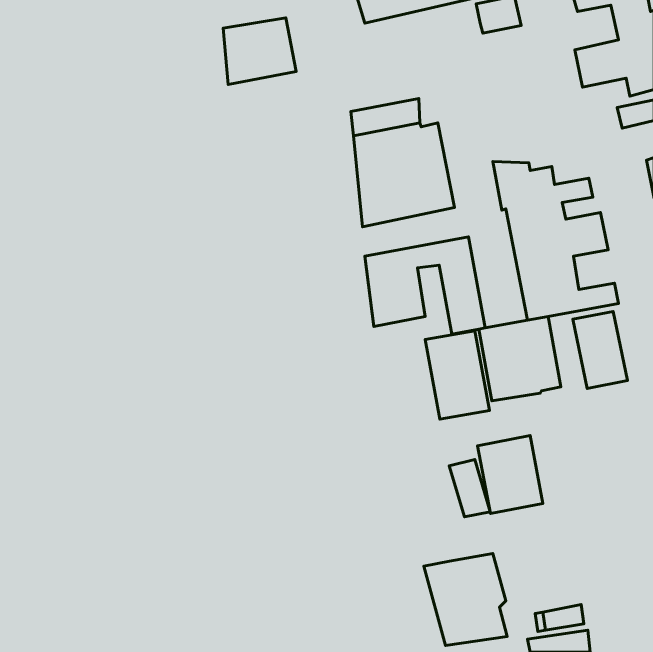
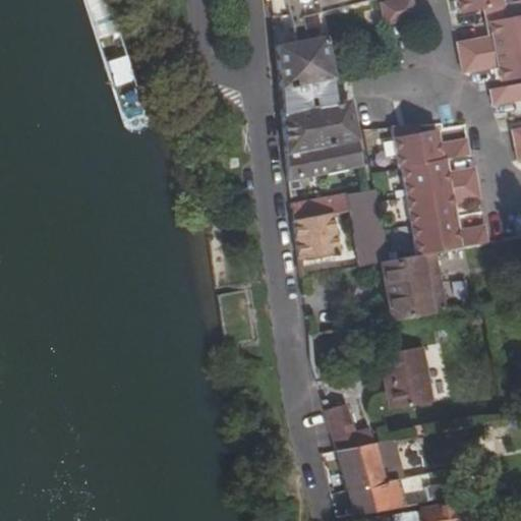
building: [223,18,296,84] -> [276,36,334,89]
building: [573,311,628,388] -> none
building: [425,331,489,419] -> none
building: [449,459,490,517] -> [326,404,358,450]

